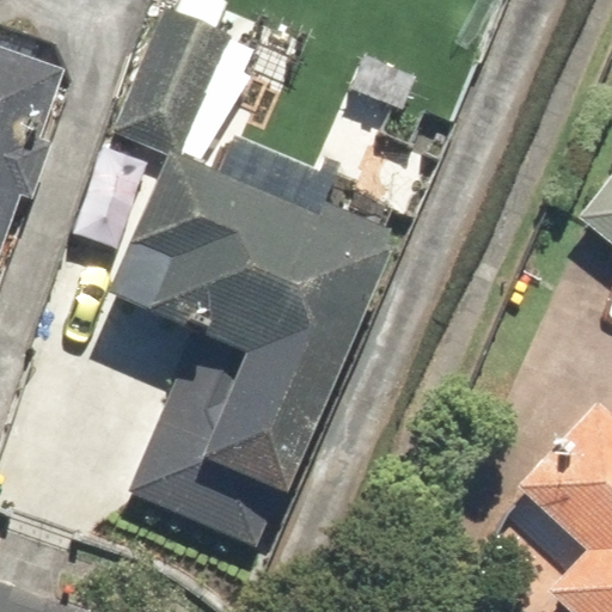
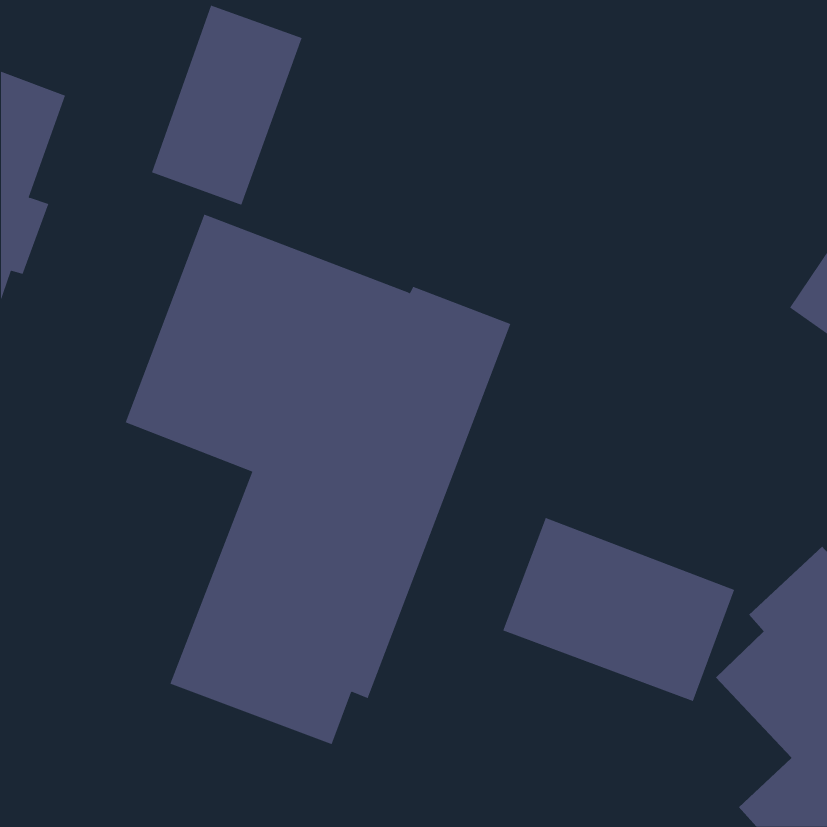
building: none -> [502,517,735,702]

